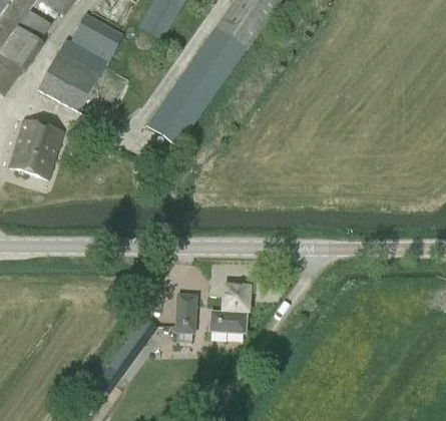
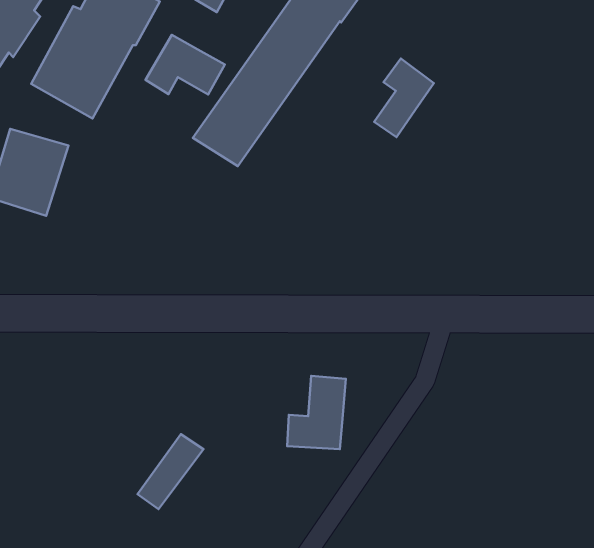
building: none -> [145,35,225,95]
building: none -> [374,58,434,137]
building: [158,293,196,334] -> none

